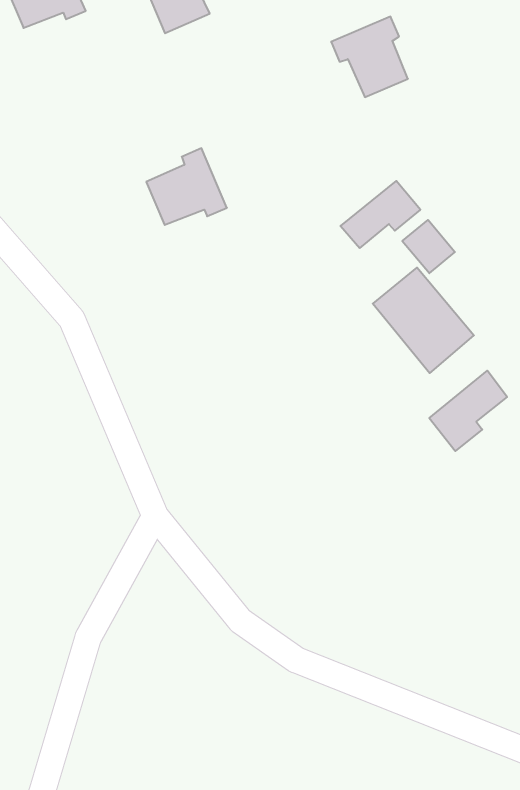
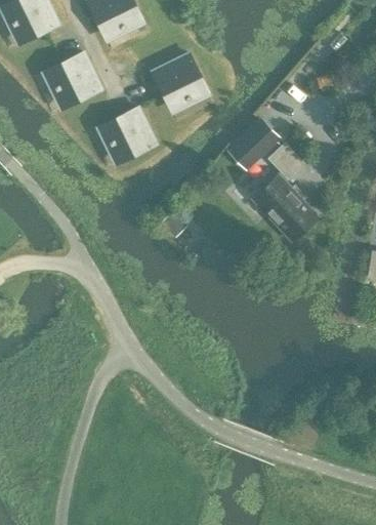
building: [331,17,408,97] -> [152,54,202,107]
building: none -> [49,53,101,103]
building: [429,371,507,451] -> none

